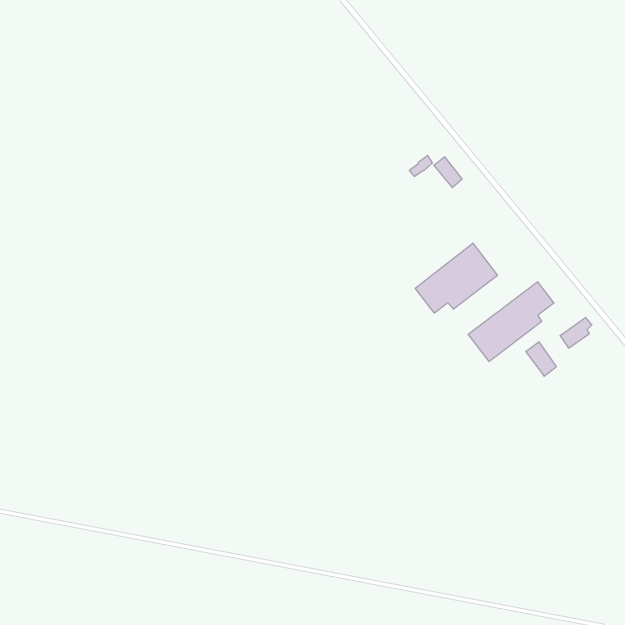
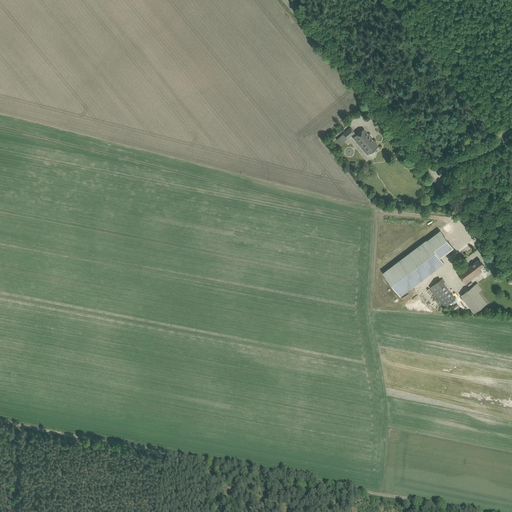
building: [415,243,497,313] -> none
building: none -> [459,286,486,314]

